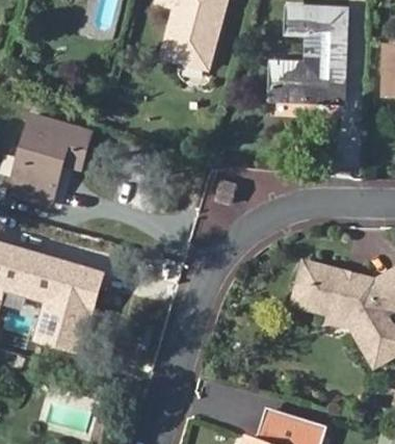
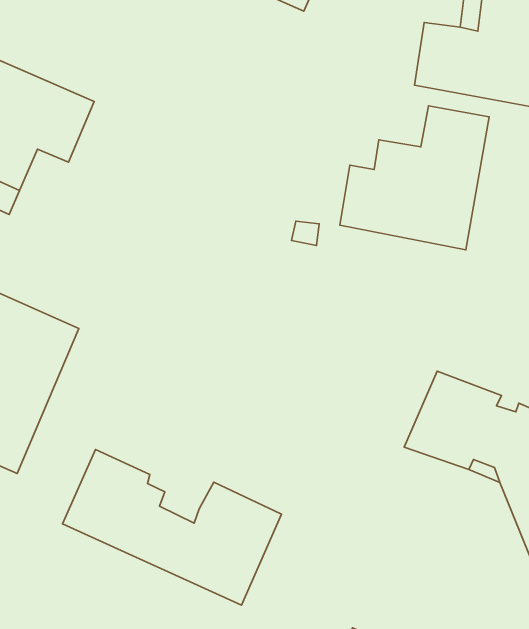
building: none -> [340,106,489,250]
building: none -> [62,449,282,605]

